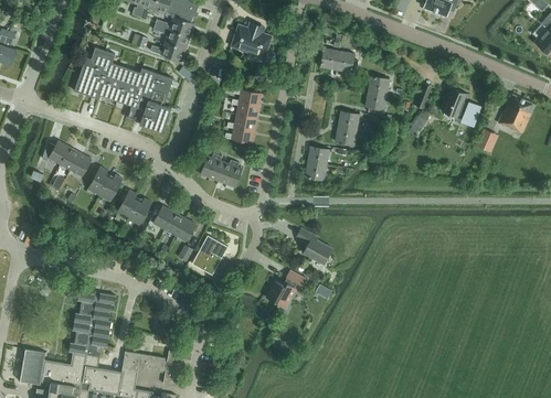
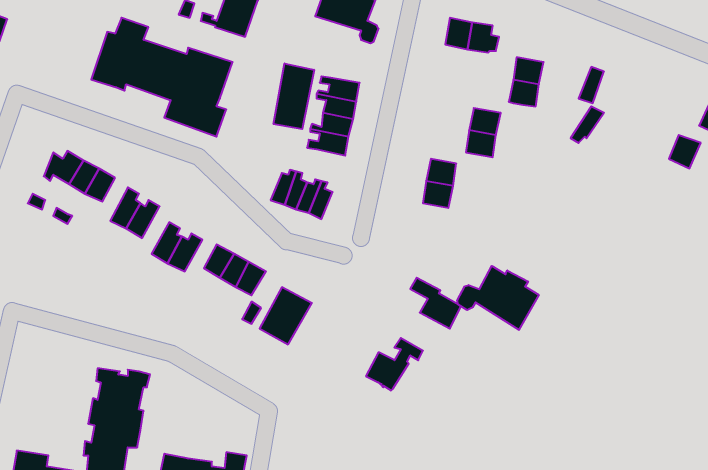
building: none -> [274,63,314,129]
building: [438,88,480,122] -> none
building: none -> [457,266,539,330]

